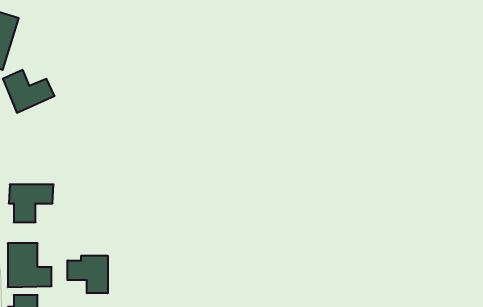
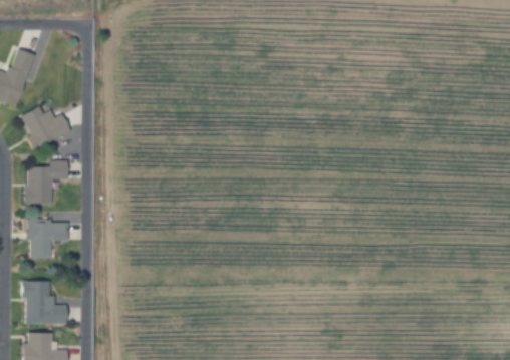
building: none -> [26,163,67,205]
building: [67,256,108,293] -> none

